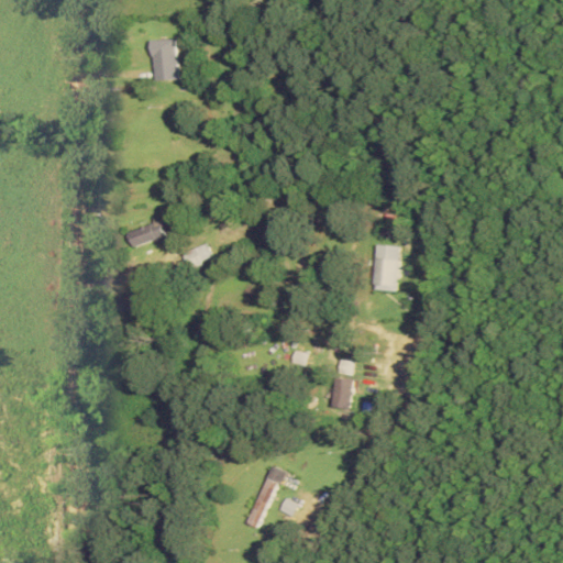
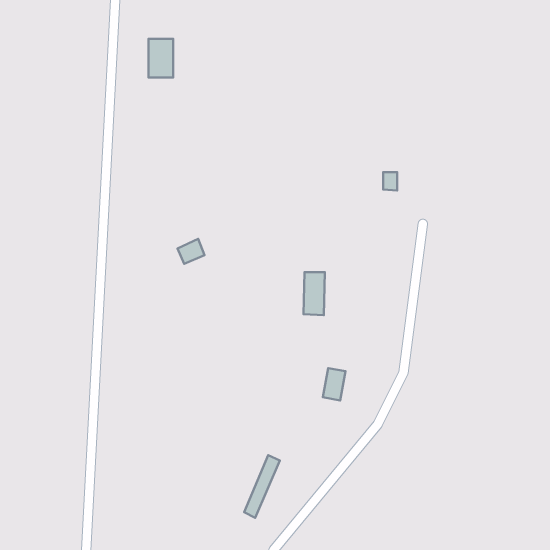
building: [126,213,169,250] -> none
building: [374,245,396,289] -> [303,272,325,315]

